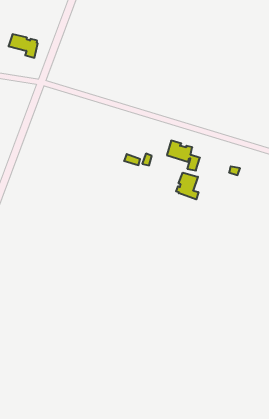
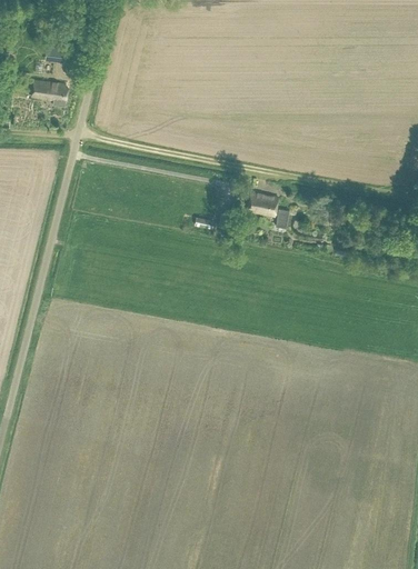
building: [176,173,198,199] -> none

